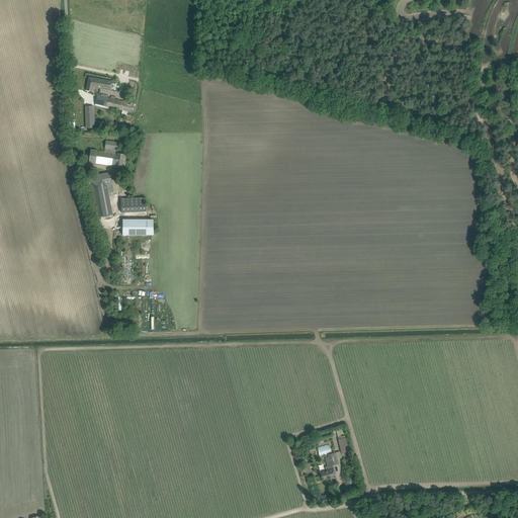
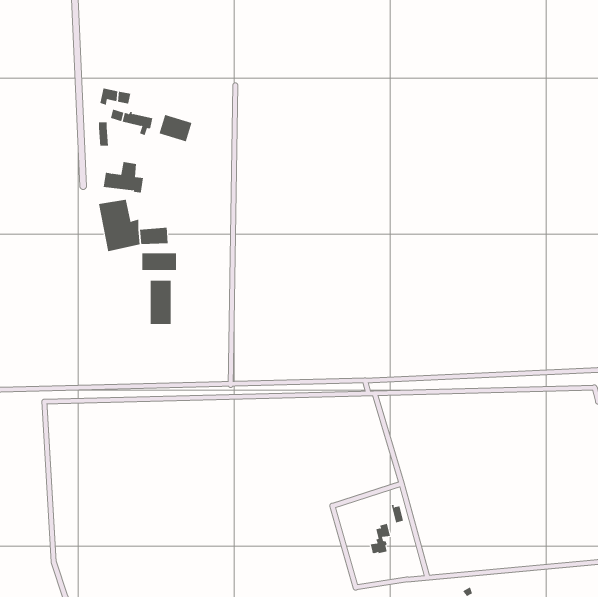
building: none -> [159,114,192,142]
building: none -> [150,280,171,325]

